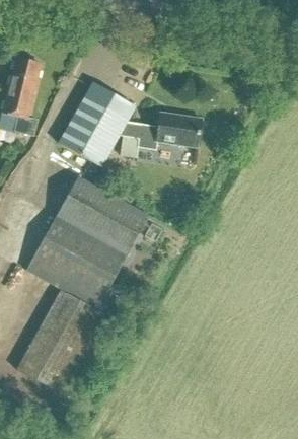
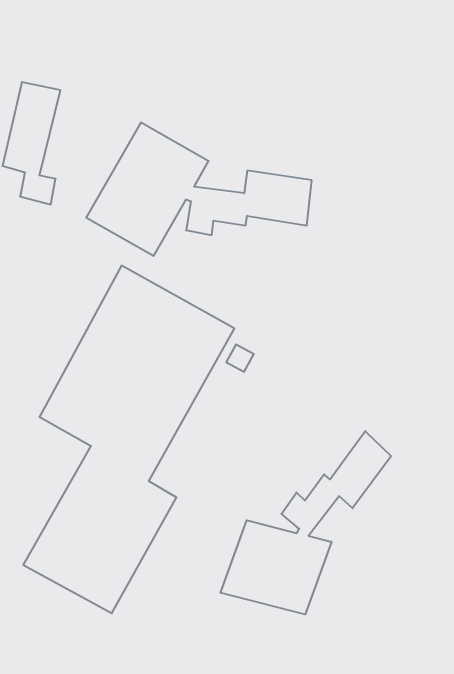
building: none -> [221,431,391,614]

